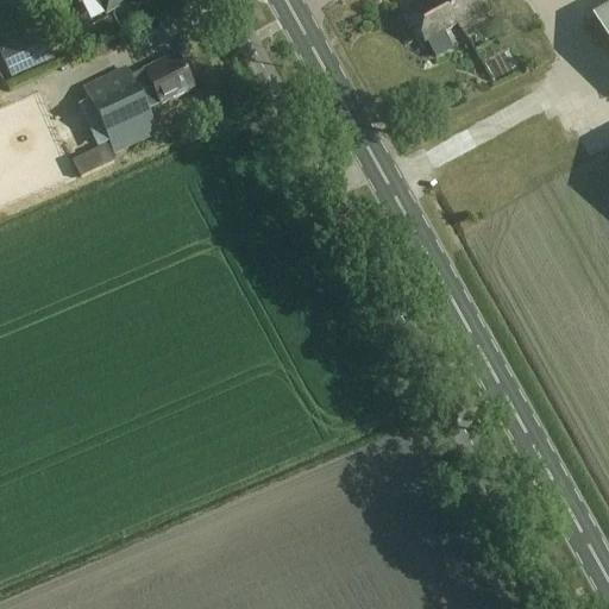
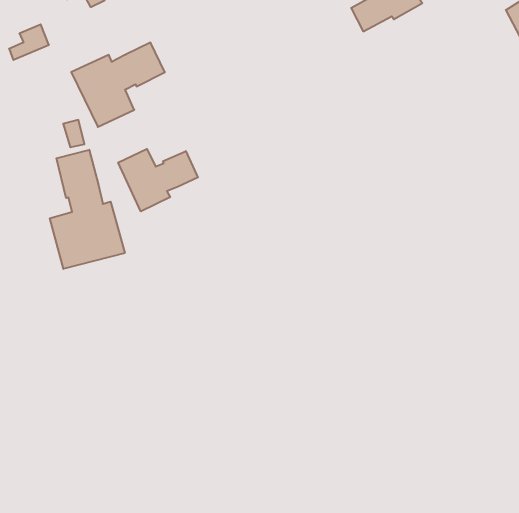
building: none -> [118,149,198,211]
building: none -> [50,150,125,269]

